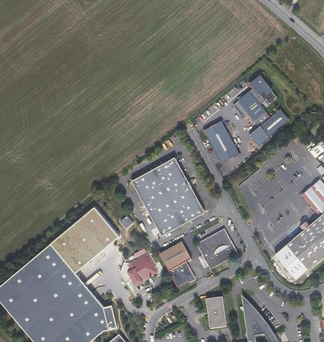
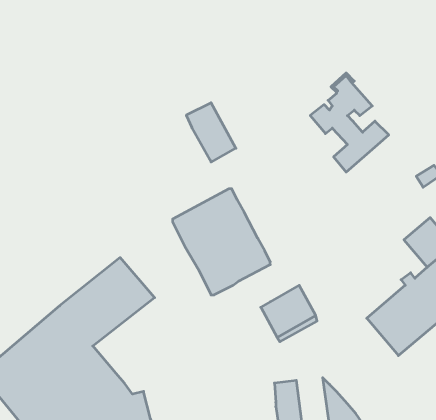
building: [203,121,239,164] -> [186,103,236,162]
building: [159,241,194,287] -> none
building: [126,253,157,286] -> none

